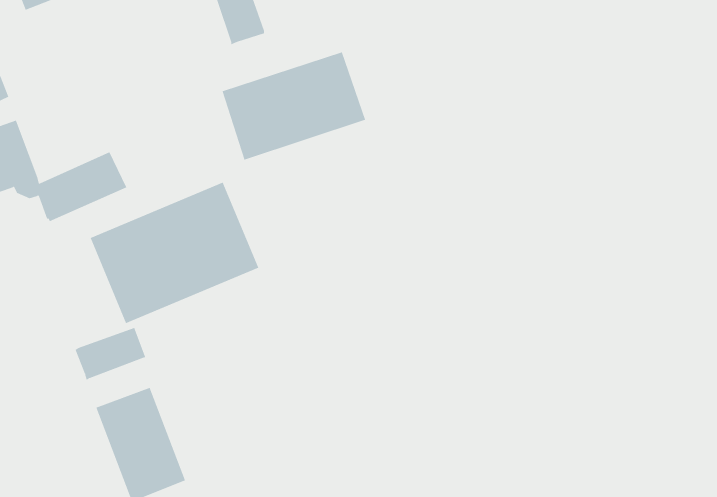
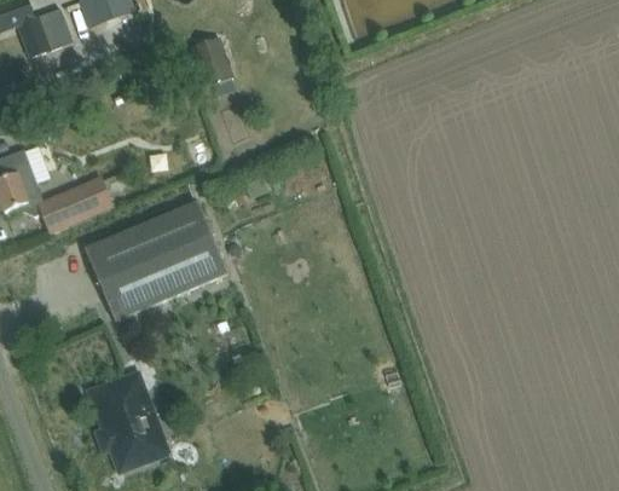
building: [222,51,366,161] -> none
building: [75,327,146,381] -> none

